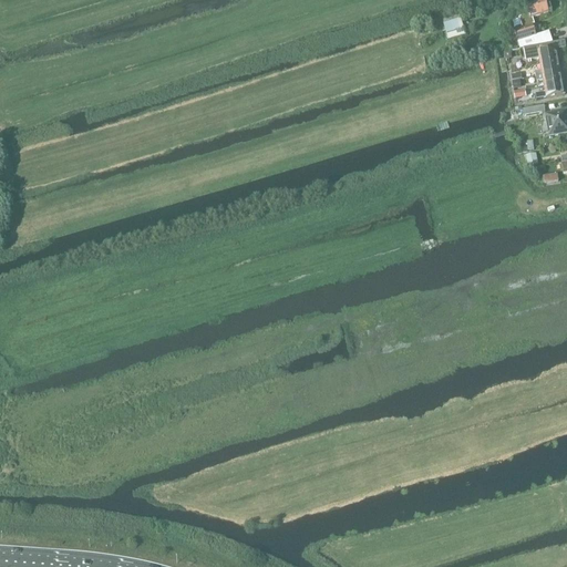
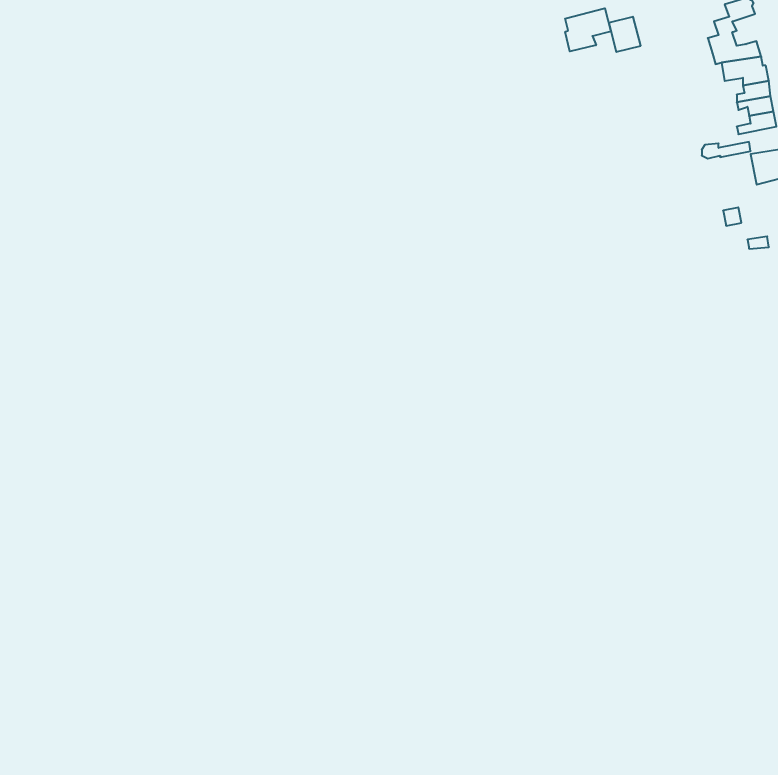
building: none -> [565,8,611,51]

